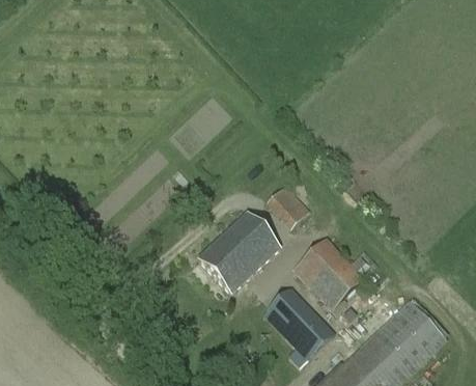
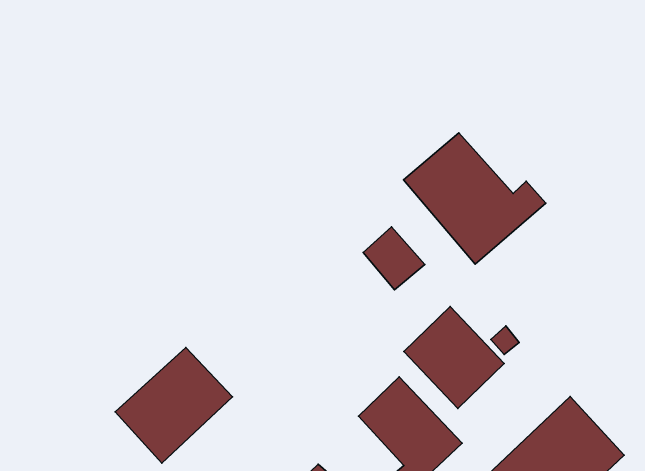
building: none -> [403,133,546,264]
building: [198,215,279,295] -> [115,347,232,463]

